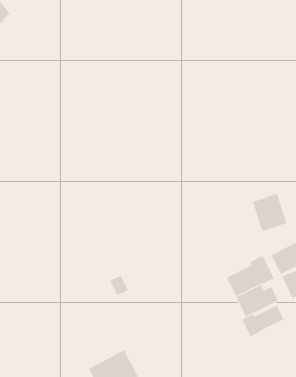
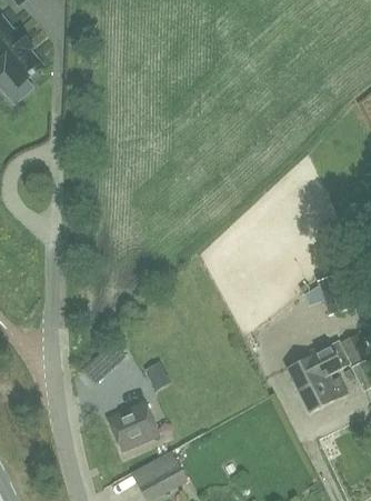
building: [242,305,284,337] -> none
building: none -> [106,401,160,451]

